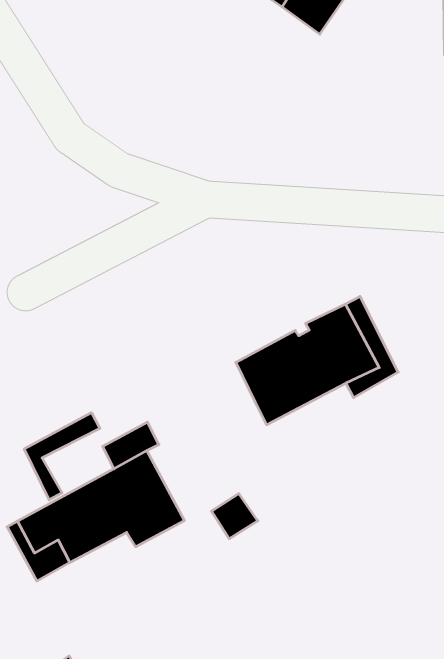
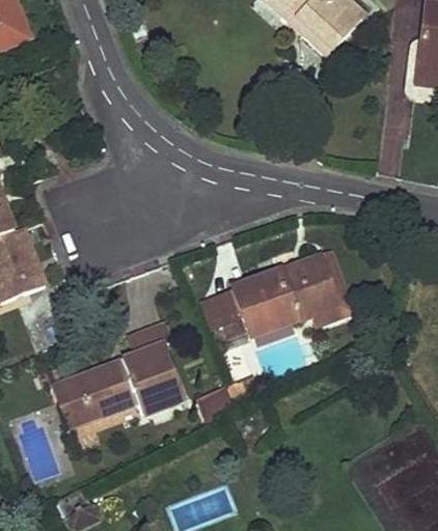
building: none -> [204,288,244,329]
building: [24,413,100,500] -> none

